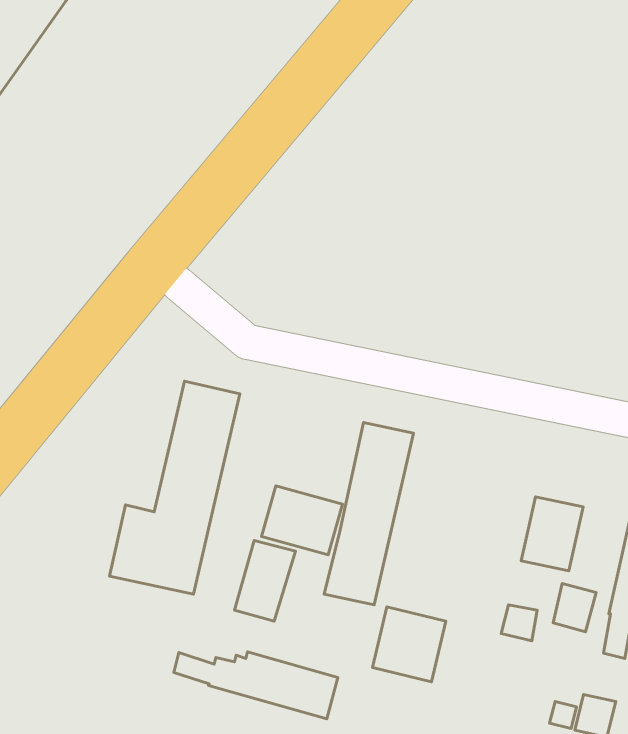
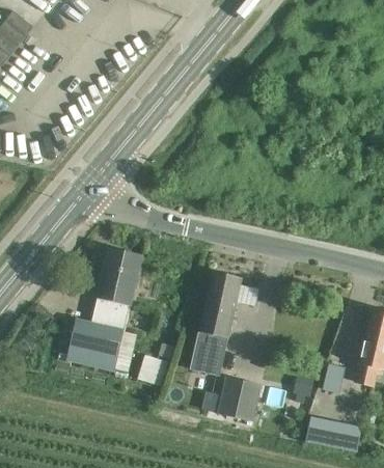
building: [262,486,343,555] -> none
building: [521,497,583,571] -> none
building: [174,652,338,719] -> none

